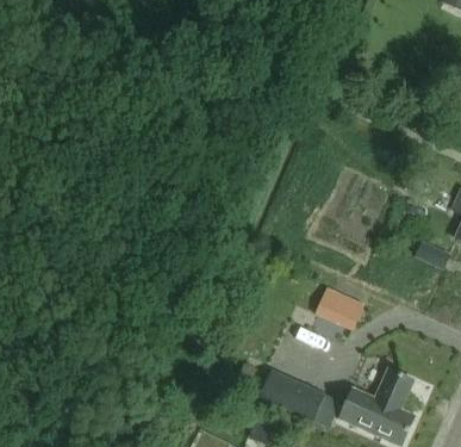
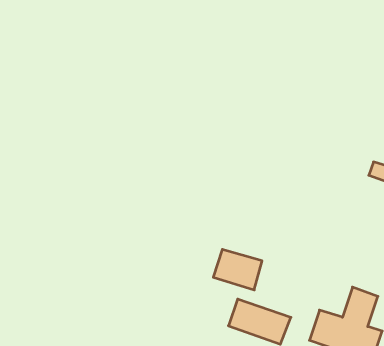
building: [312,284,363,328] -> [213,249,262,290]

